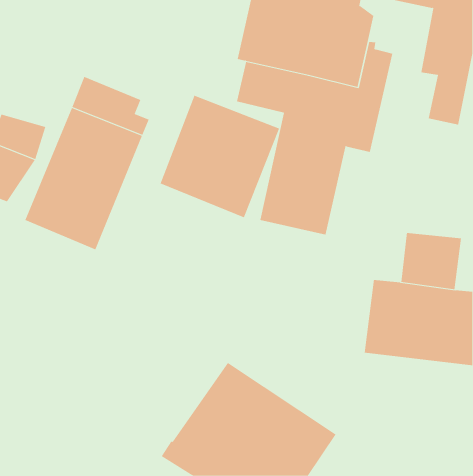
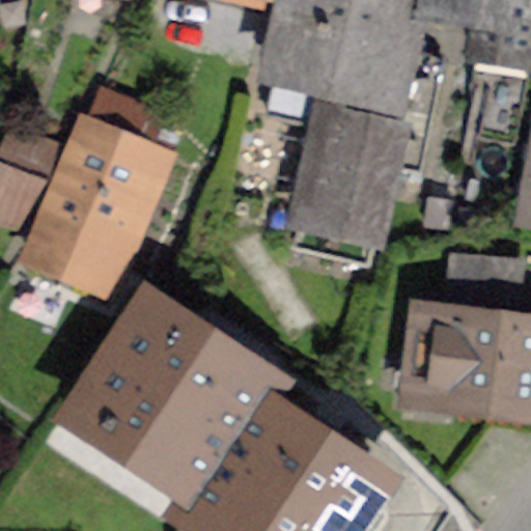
building: [160,95,280,218] -> none
building: none -> [68,300,262,486]

